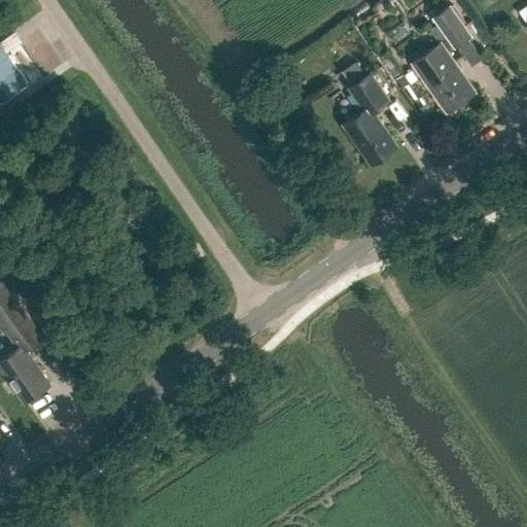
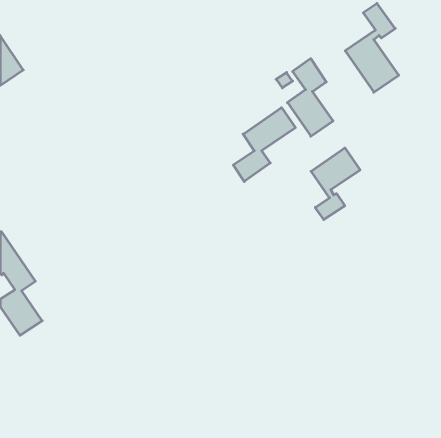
building: none -> [233,108,295,182]
building: none -> [311,148,360,220]

